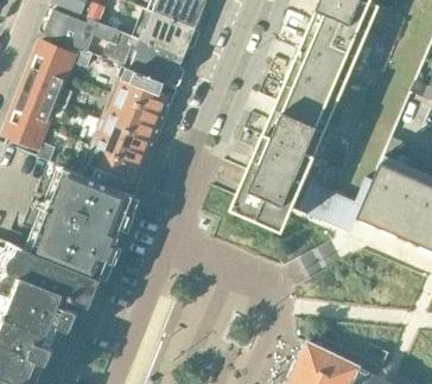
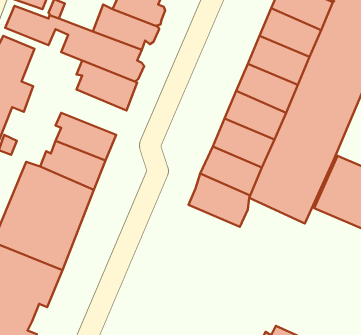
building: [100,95,166,141] -> none

